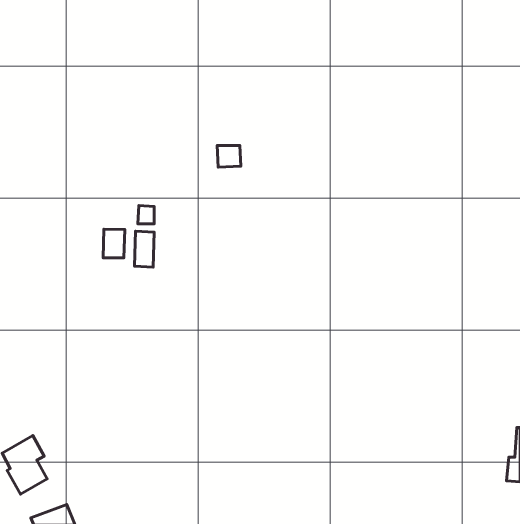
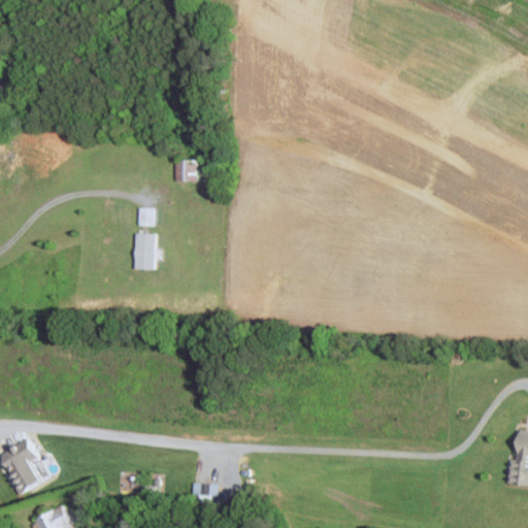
building: [217,146,241,167] -> [173,160,197,182]
building: [103,229,125,258] -> none

